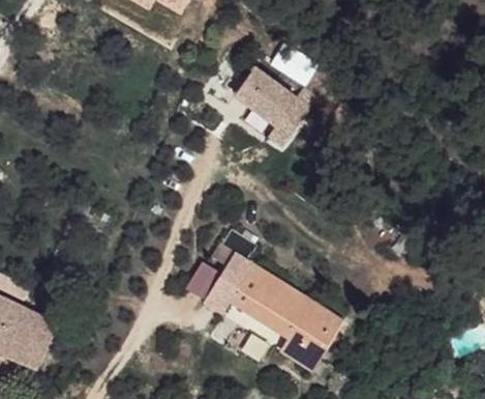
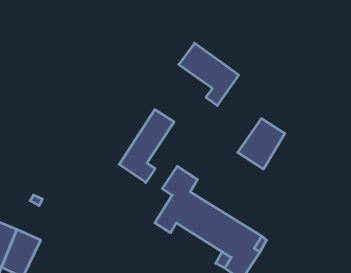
building: none -> [119,110,174,183]
building: none -> [238,119,285,169]

